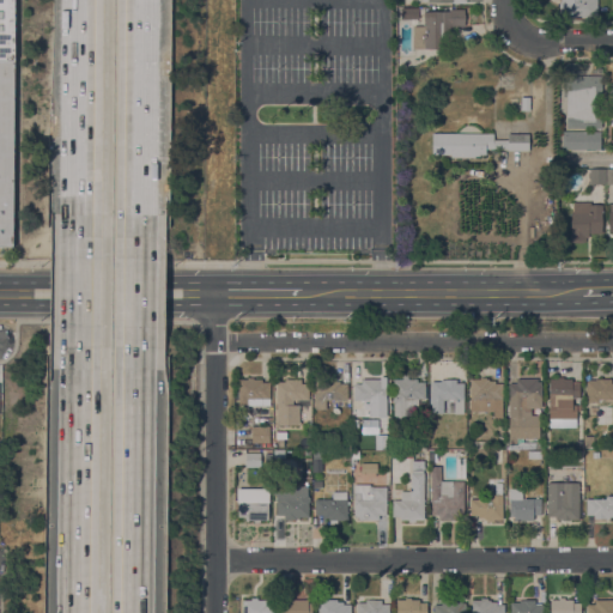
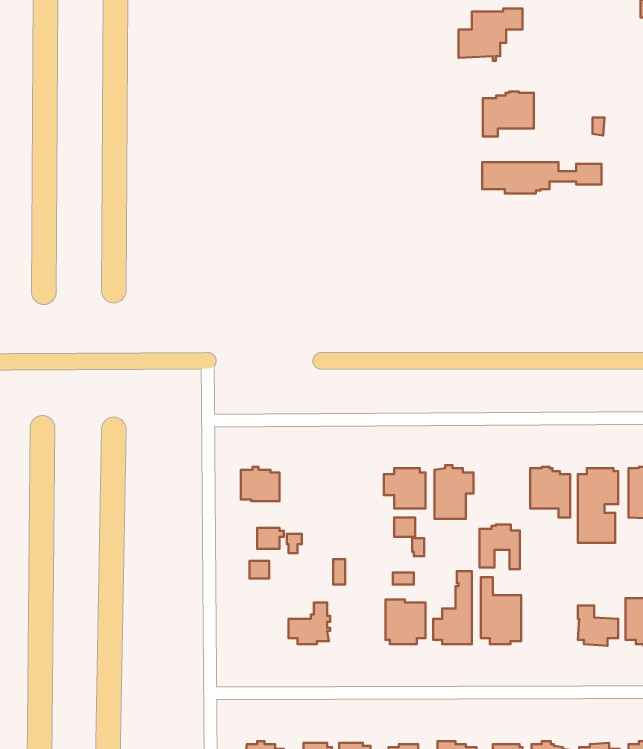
building: none -> [483,92,534,136]
building: [277,380,309,426] -> none
building: [431,380,463,415] -> [480,524,520,569]
building: [315,382,347,409] -> none
building: [237,490,268,523] -> none
building: [315,493,350,524] -> none
building: [471,494,505,523] -> none

